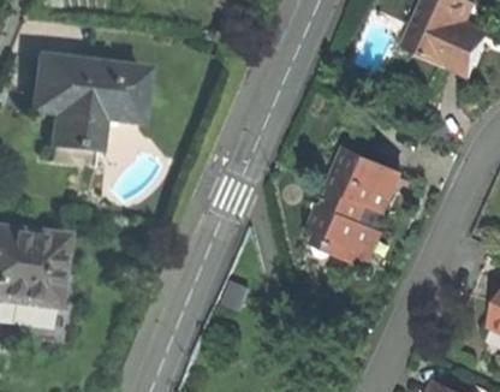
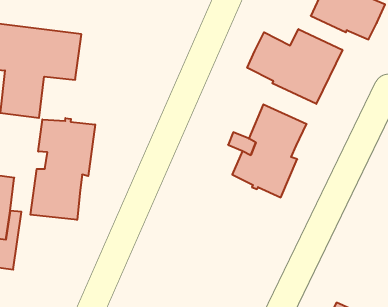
building: none -> [247,29,342,104]
building: none -> [30,118,95,220]

